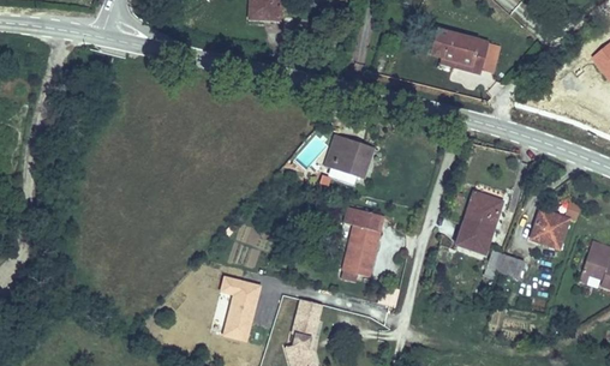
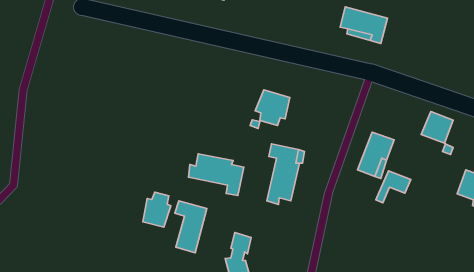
building: [521,206,561,246] -> [421,111,453,143]
building: none -> [188,154,244,196]
building: none -> [143,192,171,227]

